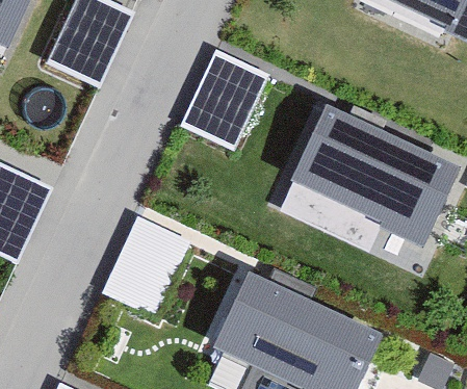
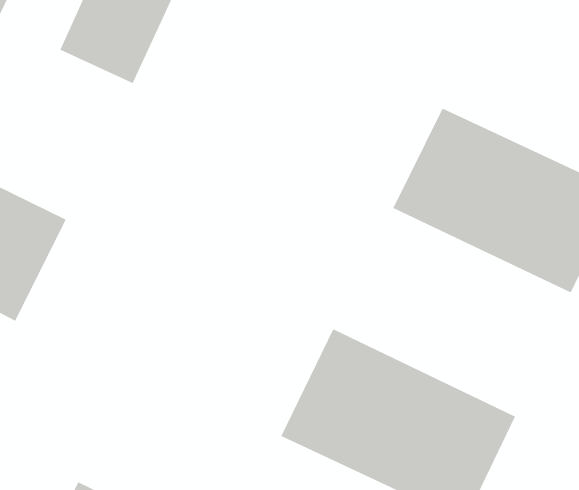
building: [178,51,266,151] -> none
building: [100,214,190,317] -> none

